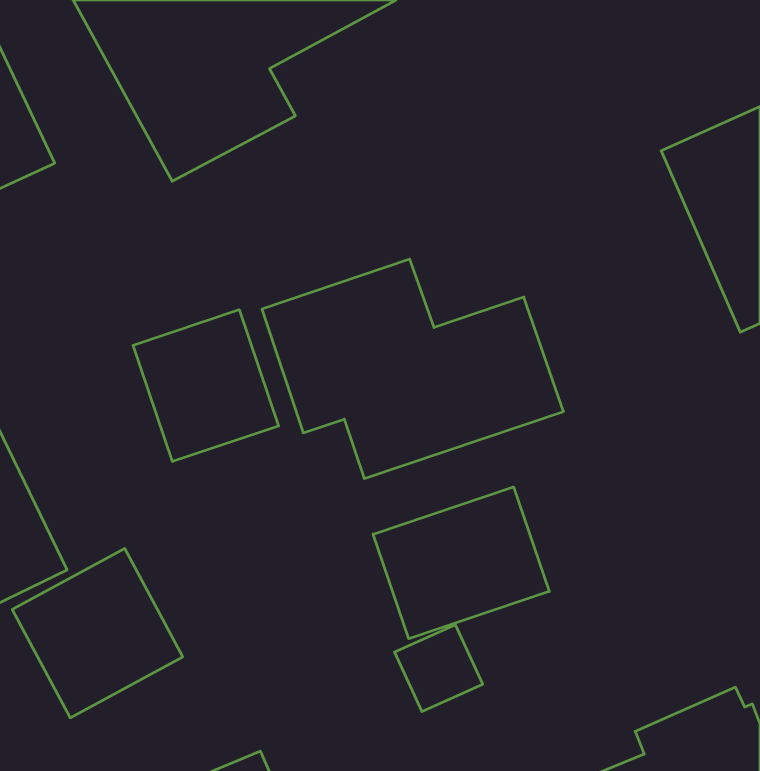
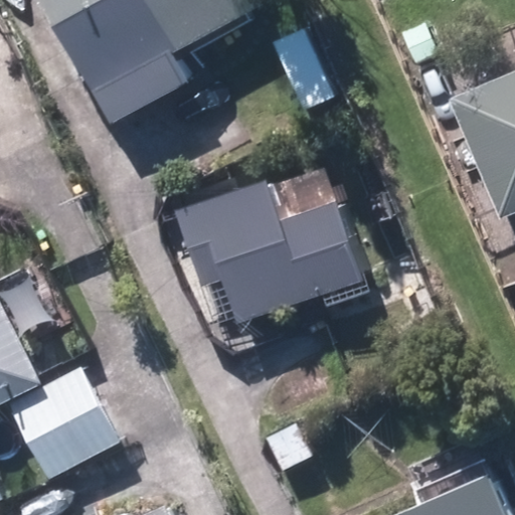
building: [133,310,279,462] -> none
building: [373,487,549,639] -> none

